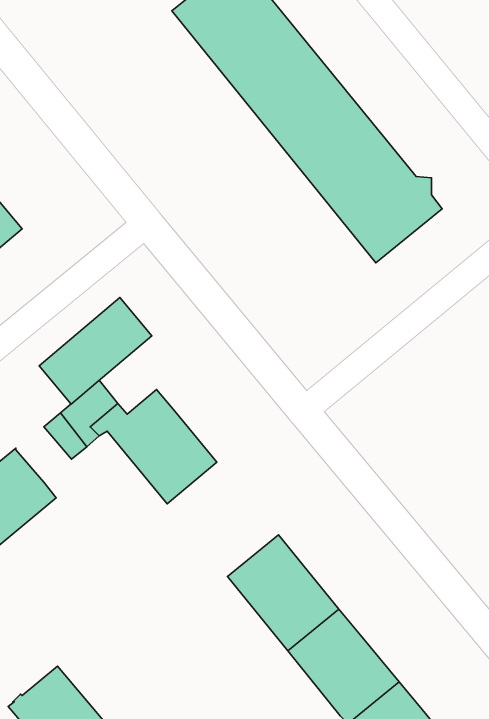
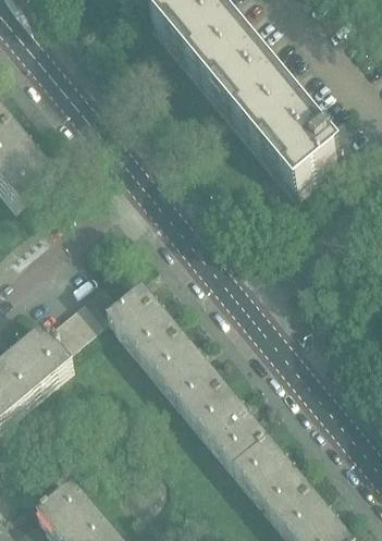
building: [39,298,152,404] -> none
building: none -> [42,311,82,351]
building: none -> [149,336,227,417]

